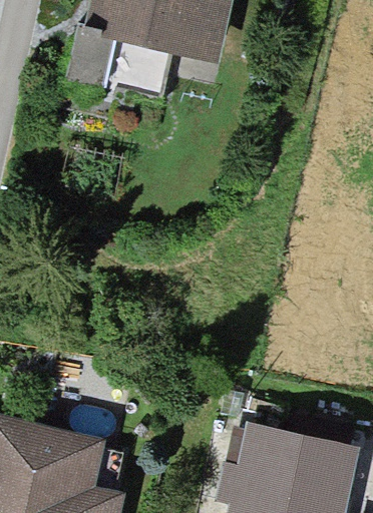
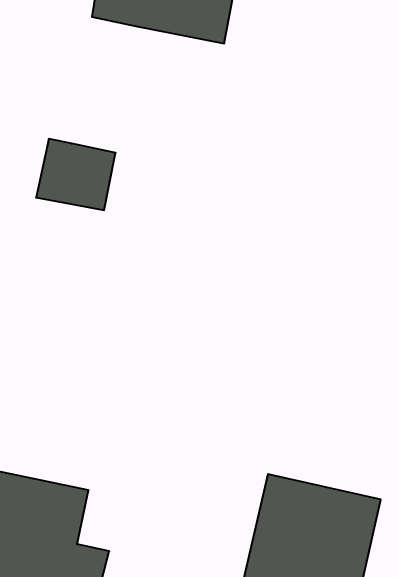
building: [65,19,134,81] -> [36,139,116,210]

